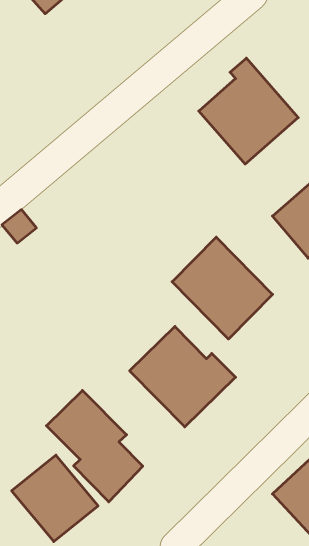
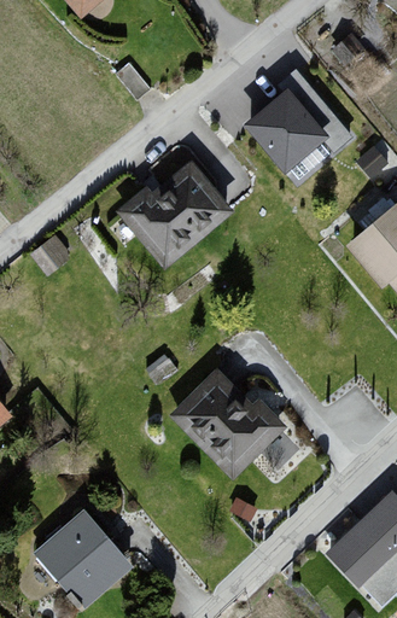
building: none -> [118,153,234,266]
building: [172,237,273,339] -> none
building: [46,390,143,502] -> none

